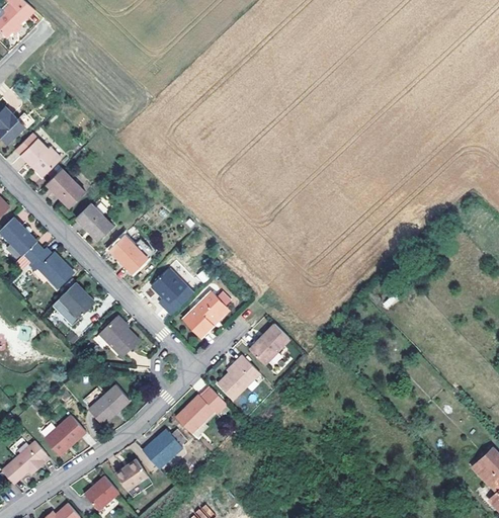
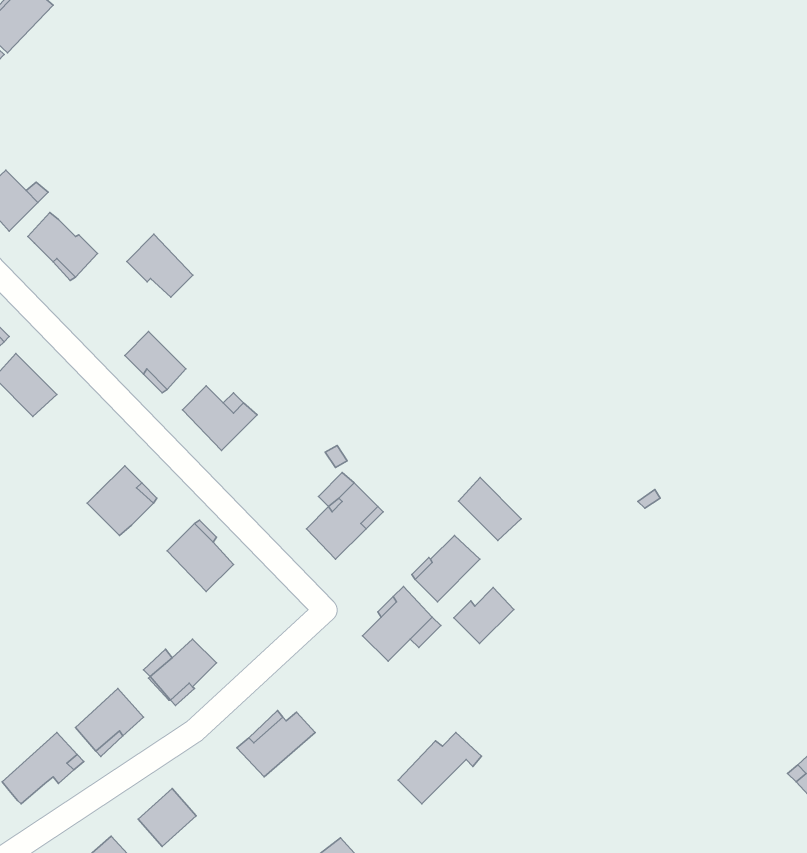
building: [45,168,84,205] -> [127,234,193,297]
building: [28,249,73,288] -> none
building: [152,270,186,309] -> none
building: none -> [458,478,521,541]
building: none -> [454,588,514,644]
building: [177,391,227,433] -> [398,732,481,804]
building: [116,459,148,490] -> none

